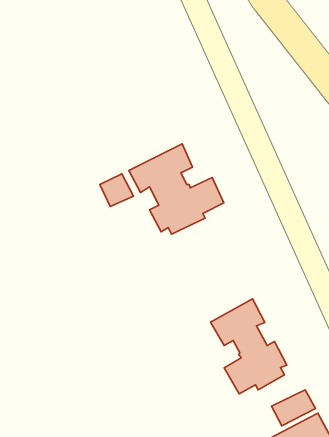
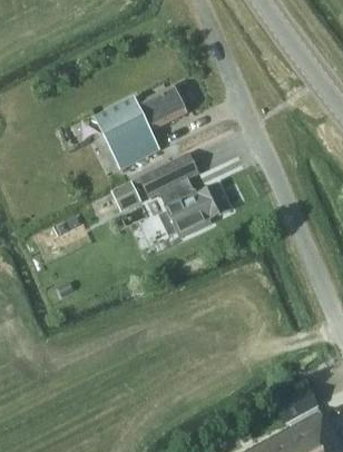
building: none -> [94,87,186,171]
building: [211,299,287,394] -> none

